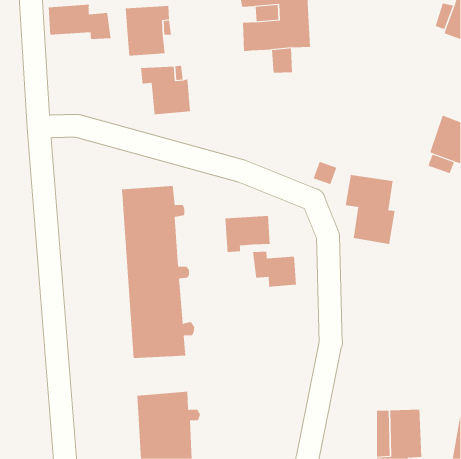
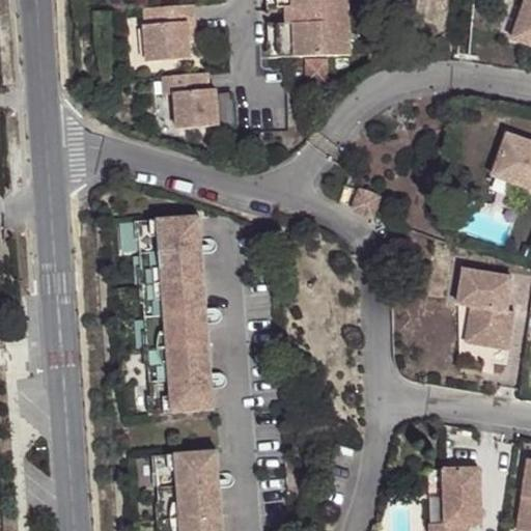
building: [48,4,111,40] -> none
building: [345,175,395,244] -> [457,269,515,348]
building: [225,215,270,253] -> none
building: [253,251,297,288] -> none

